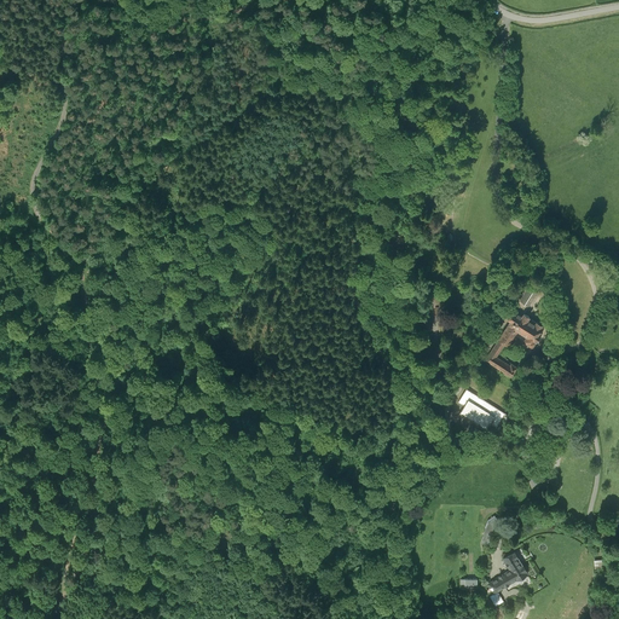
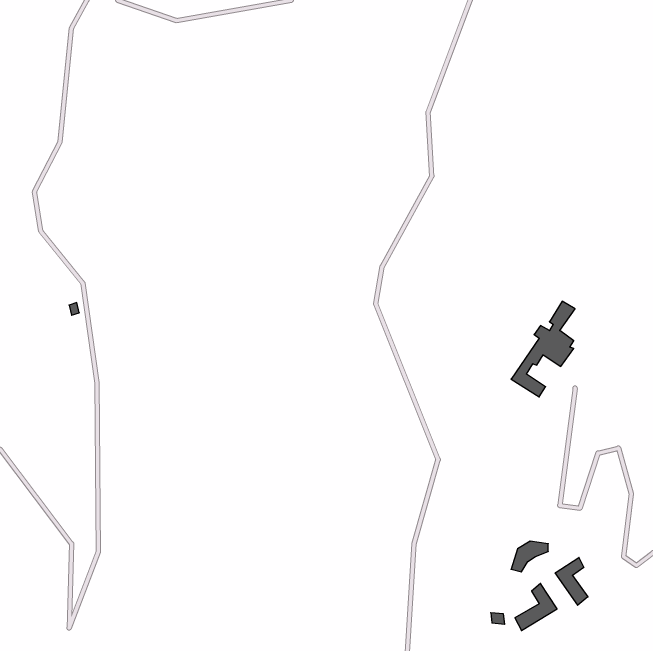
building: [458,389,504,430] -> none
building: none -> [555,557,588,605]

